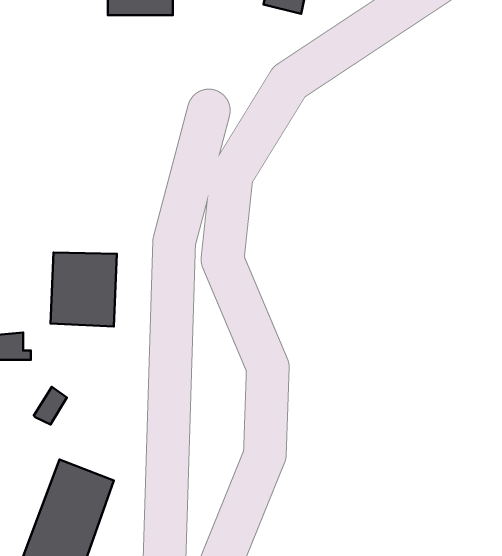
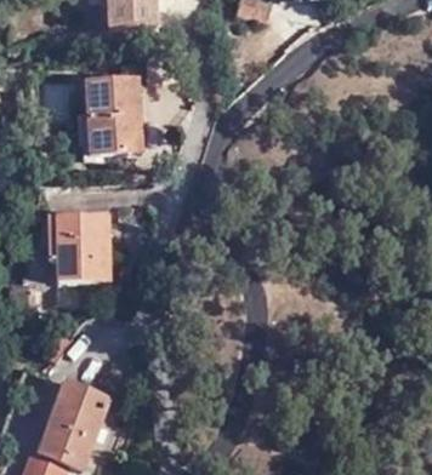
building: none -> [80,78,137,150]

